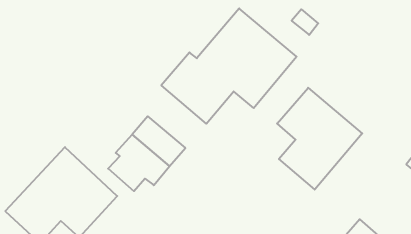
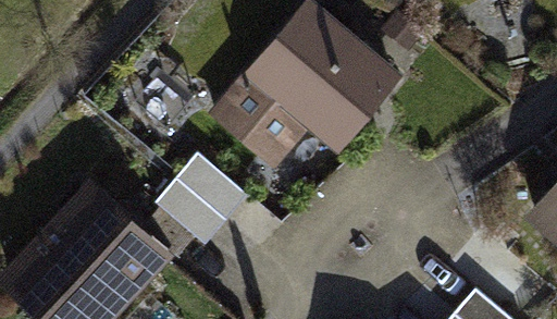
building: [277,88,362,190] -> none

